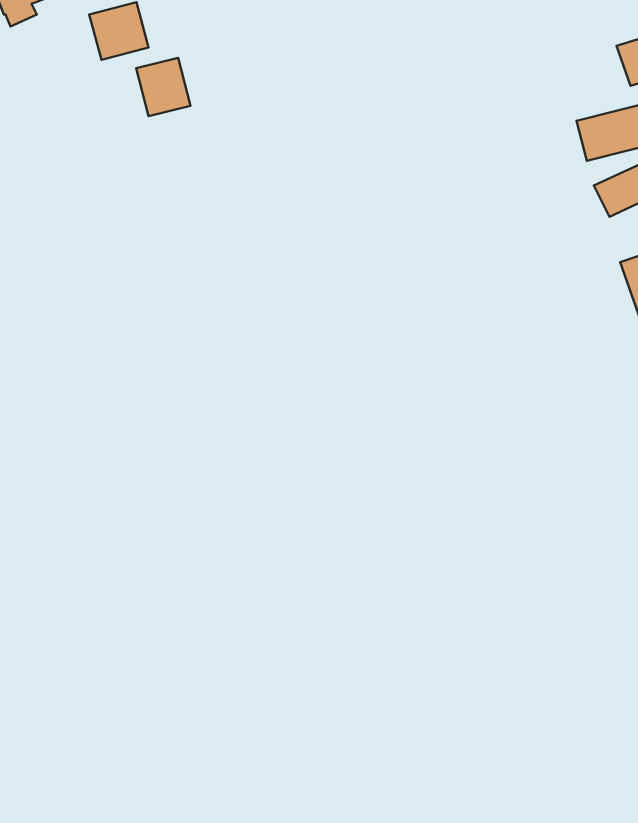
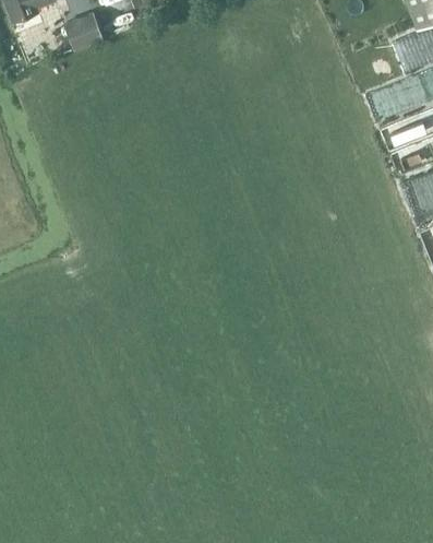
building: [136,58,191,116] -> none

